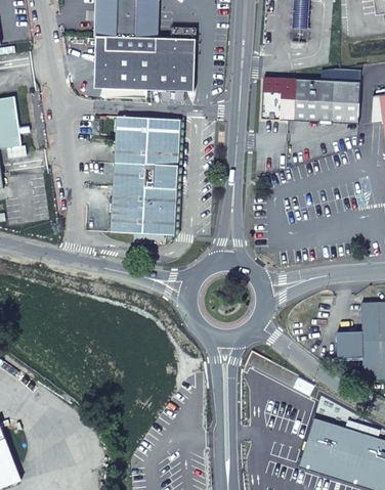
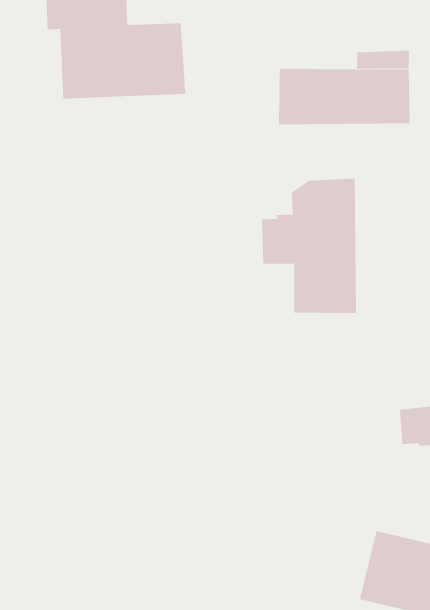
building: [111,116,179,234] -> none
building: none -> [262,178,357,314]

